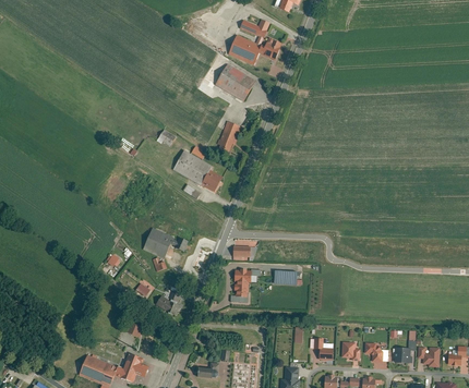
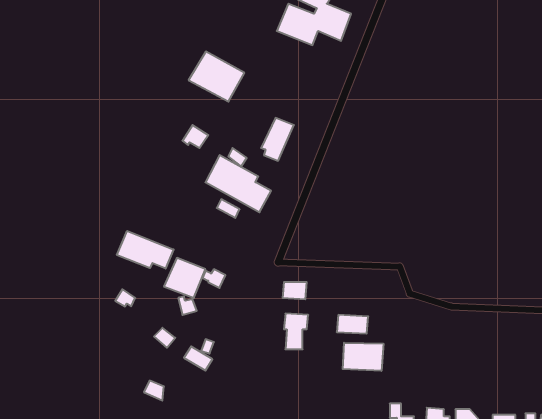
building: [214,63,256,101] -> [189,52,244,102]
building: none -> [117,231,174,269]
building: none -> [343,343,383,371]

